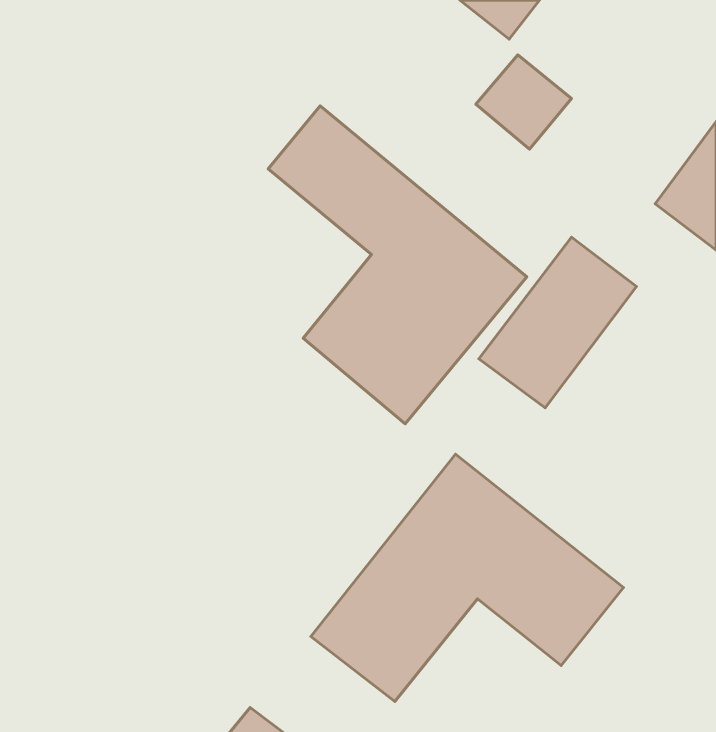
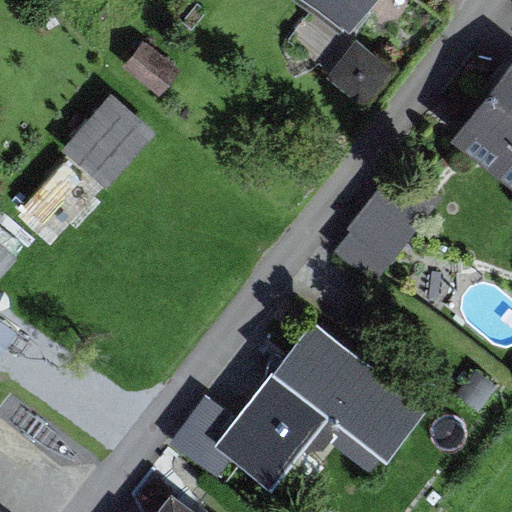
building: [268,106,527,424] -> none
building: none -> [50,91,146,189]

